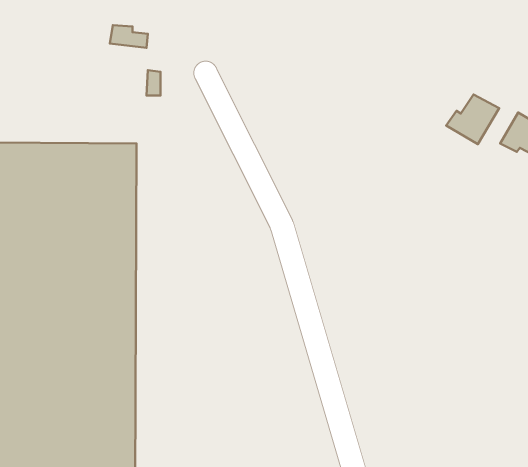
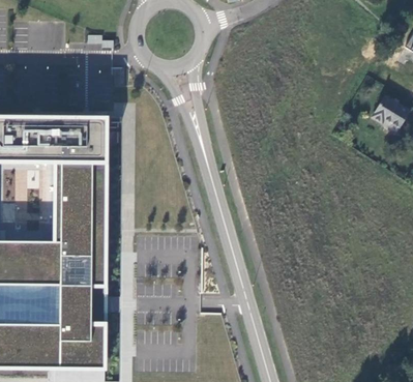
building: [446,94,499,144] -> none

